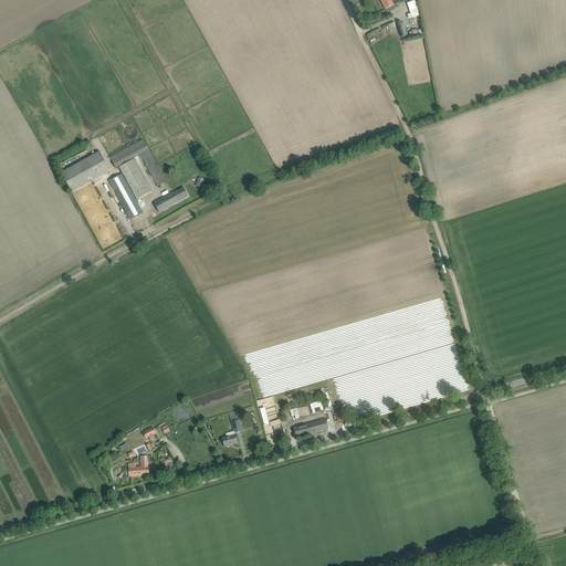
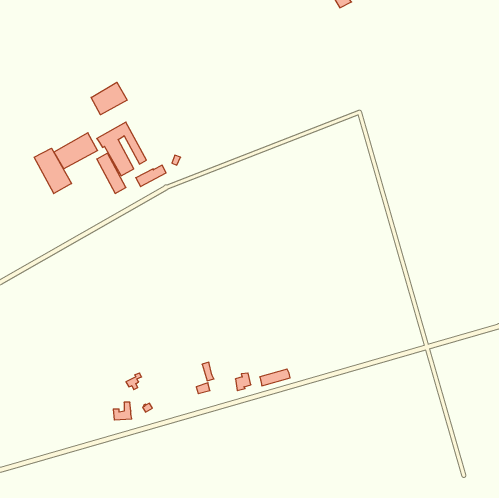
building: none -> [91,82,127,115]
building: none -> [34,148,72,194]

